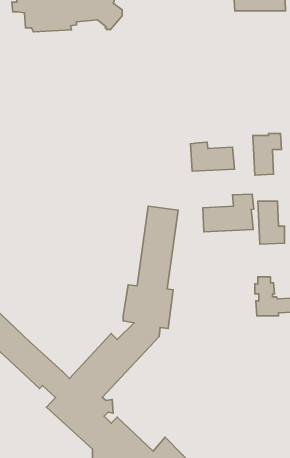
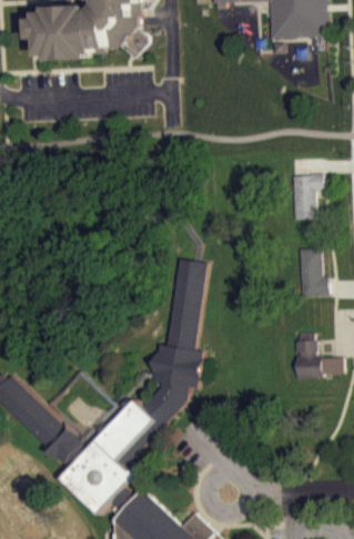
building: [191,142,234,171] -> none
building: [203,194,254,232] -> none

